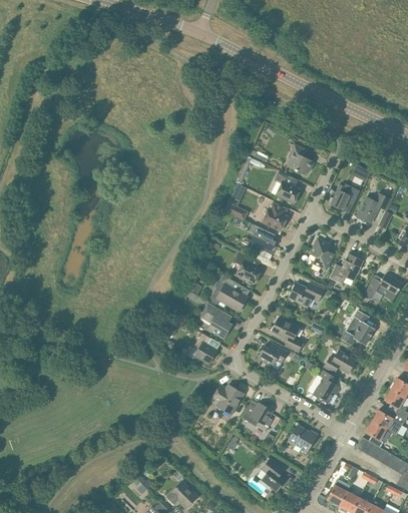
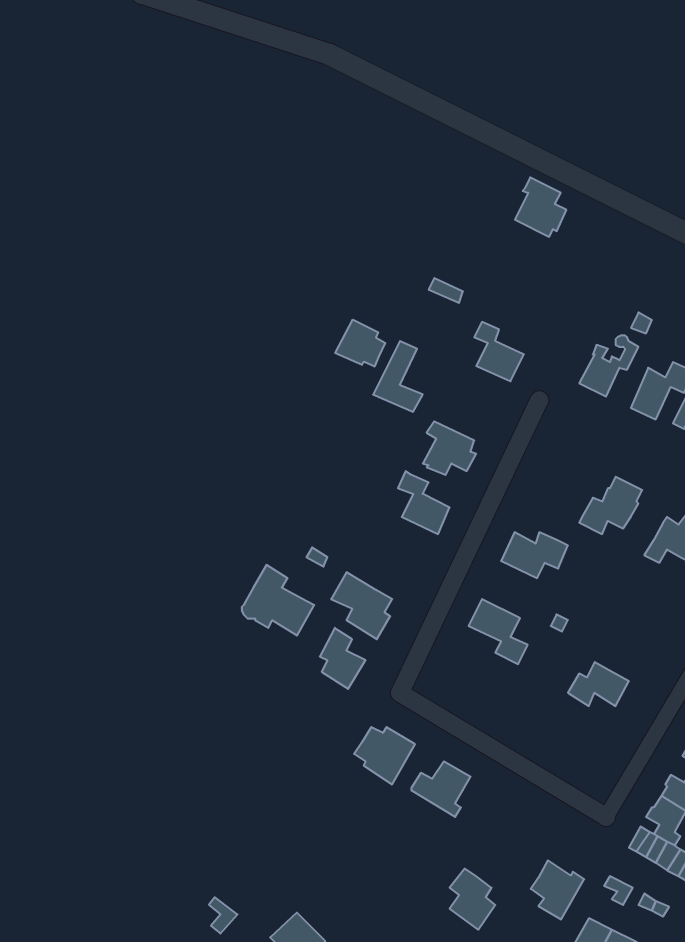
building: [287,144,314,175] -> [515,177,566,237]
building: none -> [335,320,385,367]
building: [262,202,288,230] -> none
building: [310,237,334,271] -> none
building: [211,276,249,313] -> [242,565,314,636]
building: [340,310,375,346] -> none
building: [257,343,288,367] -> none
building: [313,371,338,403] -> none
building: [289,425,317,456] -> [531,860,584,919]

